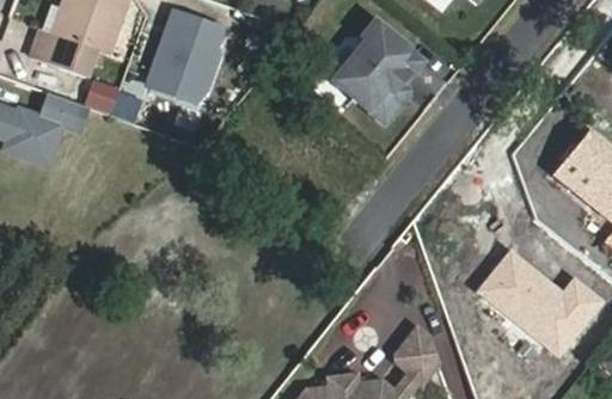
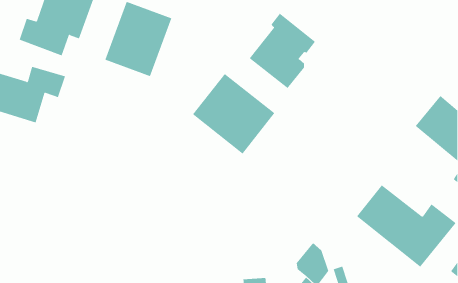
building: none -> [192,73,275,155]

